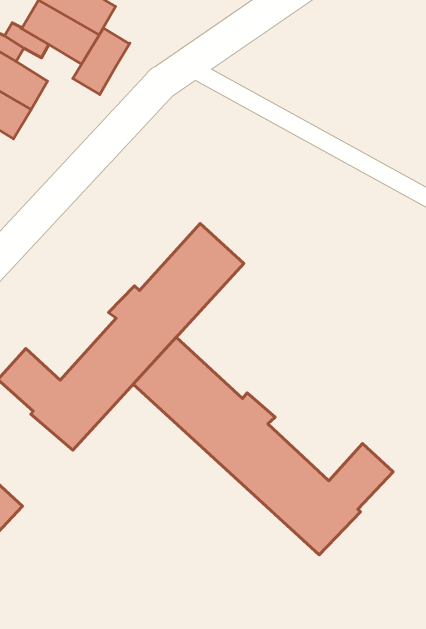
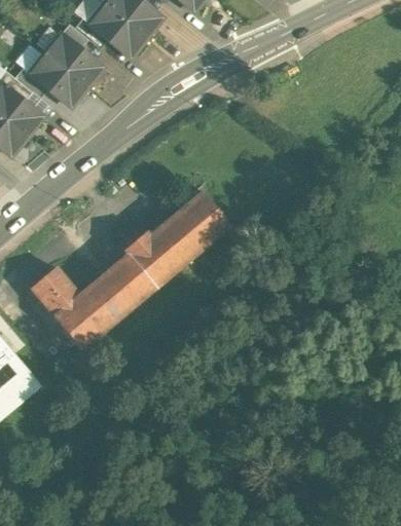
building: [73,28,130,94] -> none
building: [133,337,393,555] -> none

